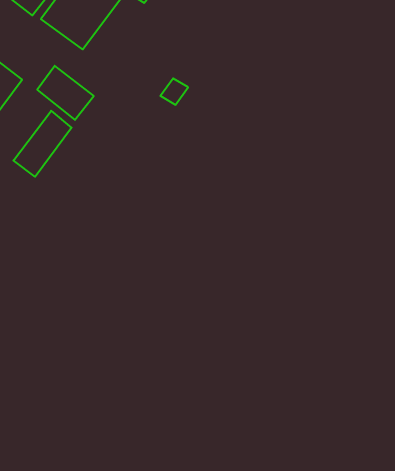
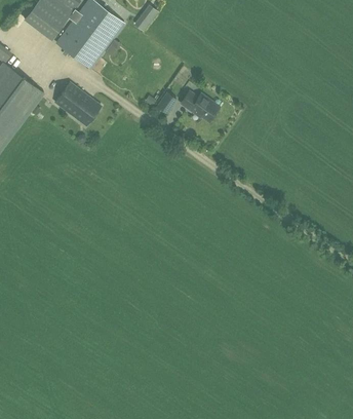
building: none -> [180,90,219,120]
building: [13,111,72,177] -> none

